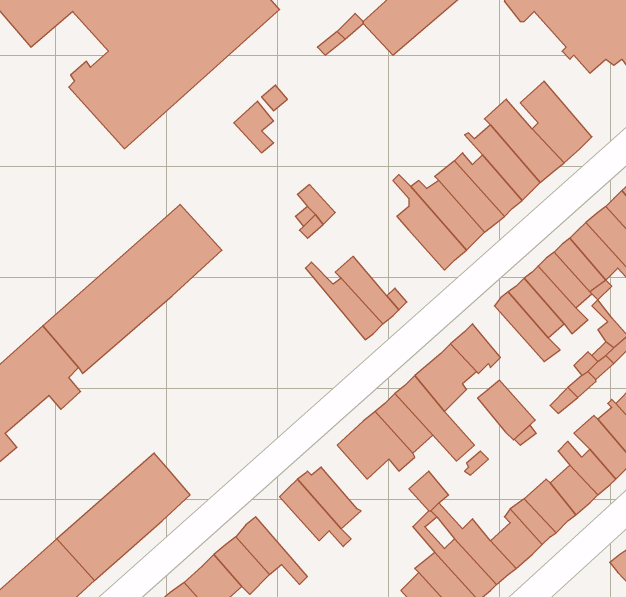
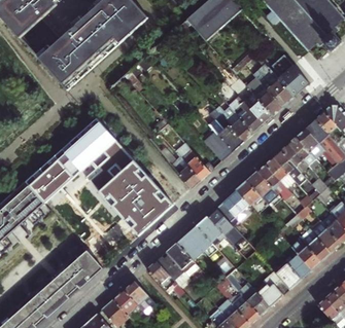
building: none -> [203,132,233,161]
building: none -> [88,142,173,235]
building: [478,380,535,440] -> [247,171,277,202]
building: none -> [167,243,199,276]

